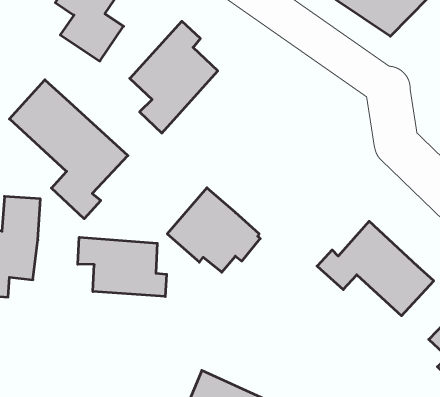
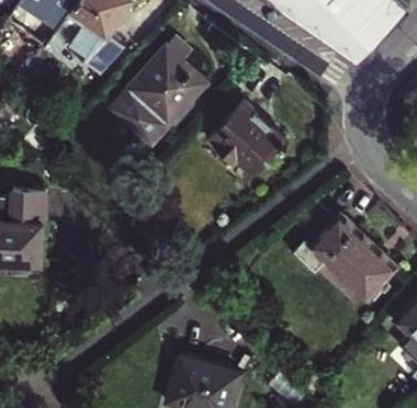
building: [9,80,128,219] -> none
building: [167,188,260,272] -> [203,101,285,175]
building: [78,237,167,297] -> none

